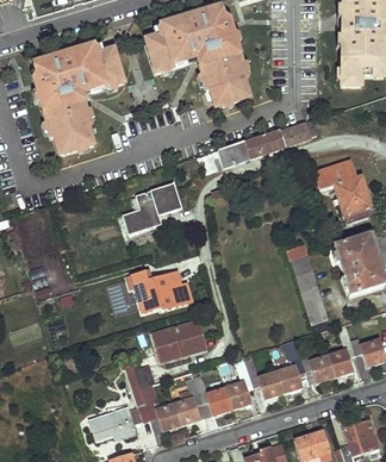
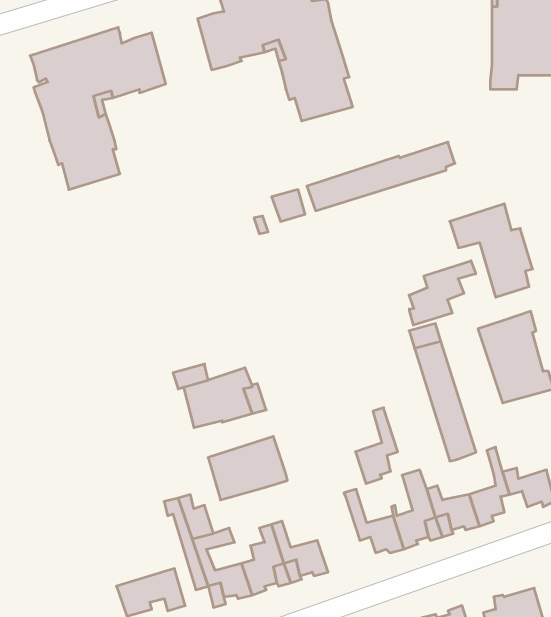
building: [125,182,182,232] -> none
building: none -> [409,261,476,325]
building: [225,358,254,410] -> [355,408,398,484]

